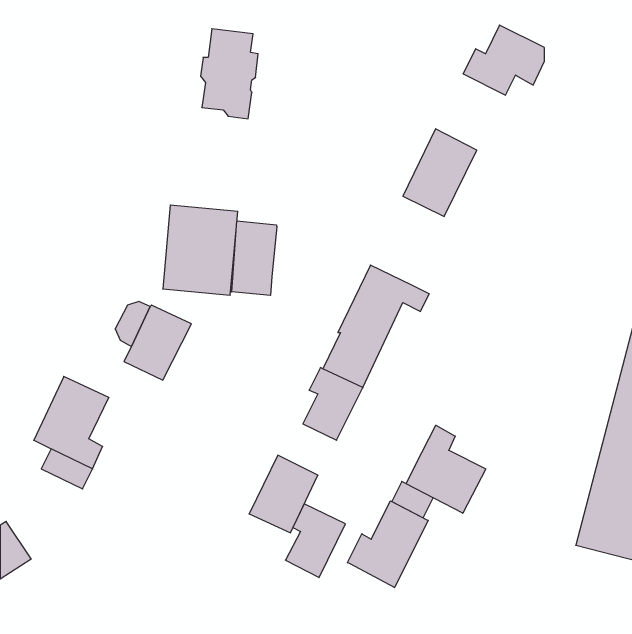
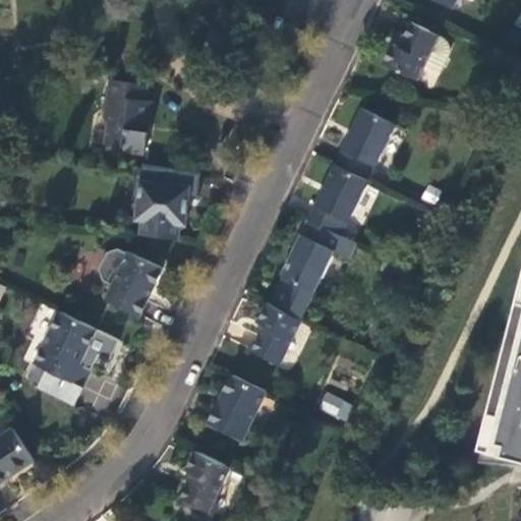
building: [201,29,258,119] -> [105,75,152,149]
building: none -> [307,164,367,236]
building: [232,221,277,295] -> none
building: [406,425,486,513] -> none
building: [347,501,428,588] -> none
building: [285,504,345,578] -> [180,451,229,511]

